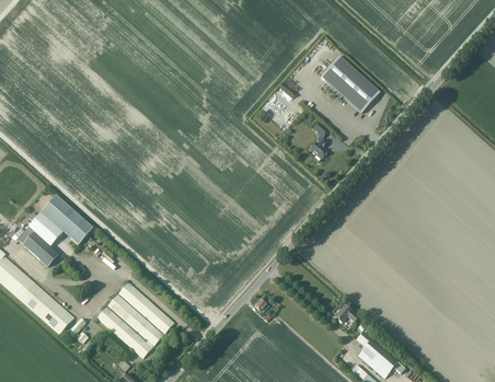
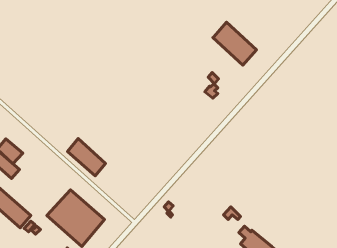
building: [41,194,92,244] -> [68,139,106,176]

